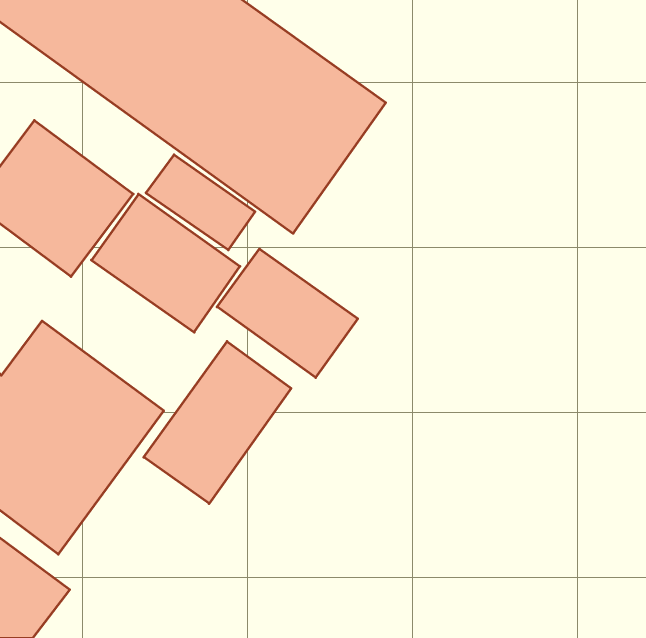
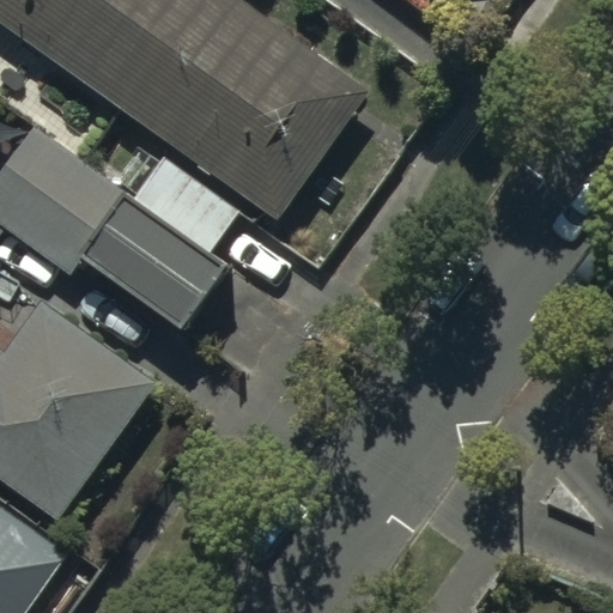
building: [217,249,358,378] -> none
building: [144,341,291,504] -> none

